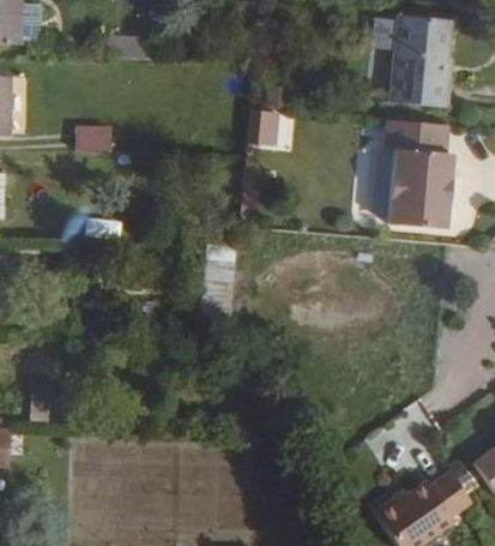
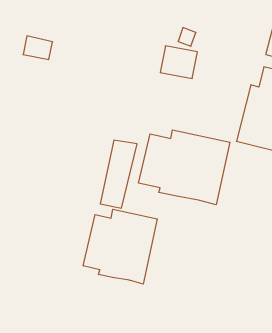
building: none -> [139,130,230,205]
building: none -> [83,209,157,284]

